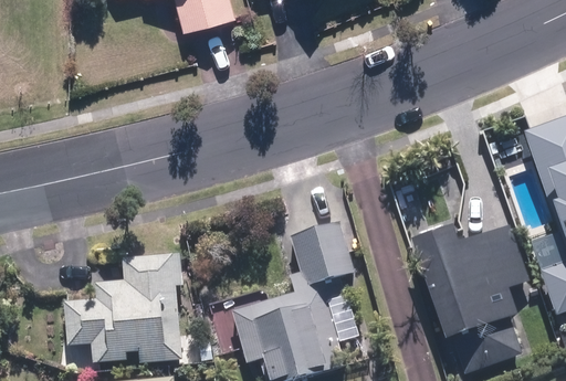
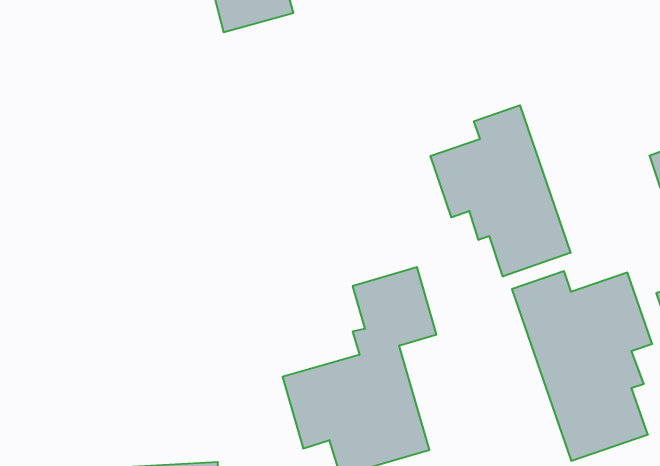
building: none -> [430,105,571,277]
building: [64,255,187,363] -> none

